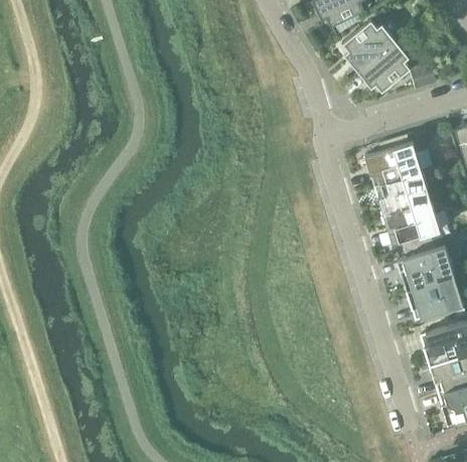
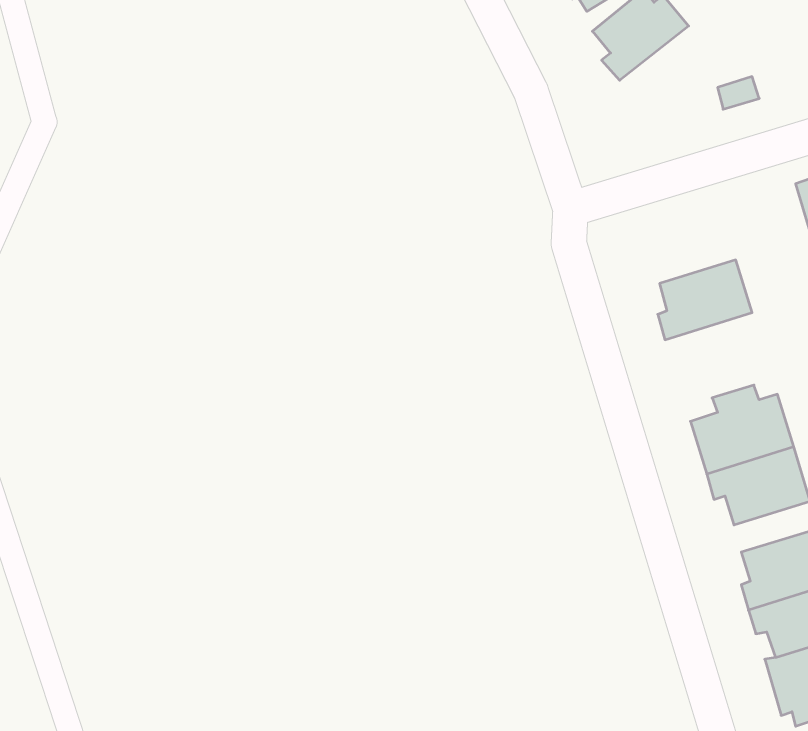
building: [357,41,410,92] -> none
building: [364,142,422,184] -> none
building: [382,200,440,248] -> none

